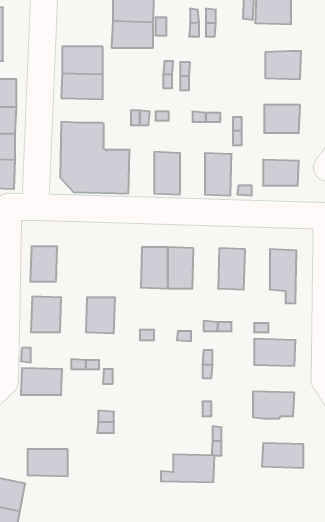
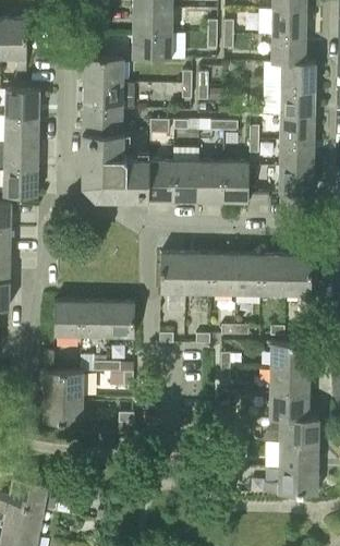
building: none -> [271,35,306,63]
building: none -> [280,88,315,114]
building: none -> [83,108,123,132]
building: none -> [279,142,314,169]
building: none -> [148,160,173,201]
building: none -> [198,161,222,202]
building: [30,247,57,281] -> [82,302,108,336]
building: none -> [210,254,236,293]
building: none -> [260,255,286,294]
building: none -> [269,367,309,395]
building: none -> [279,417,319,445]
building: [27,449,68,476] -> [44,397,83,423]
building: [161,454,215,482] -> [266,466,318,494]

